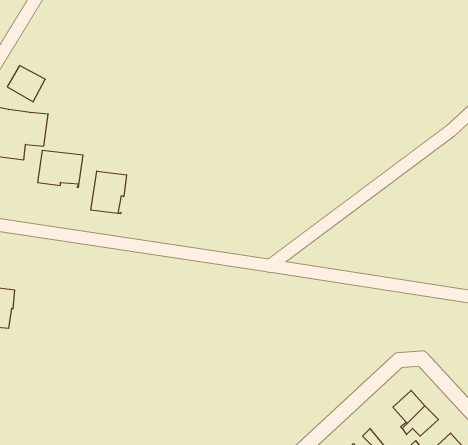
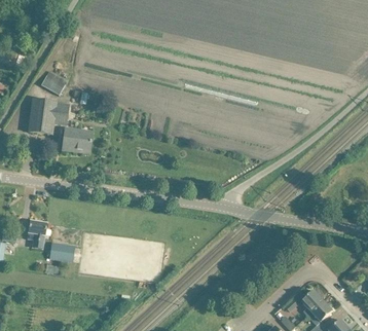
building: [91,171,127,214] -> none
building: none -> [49,242,75,261]

